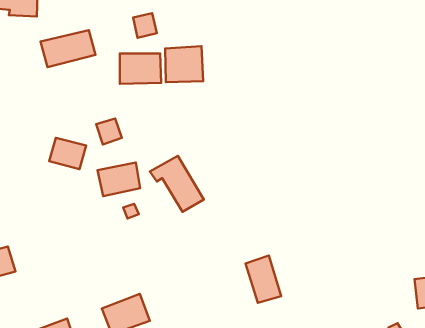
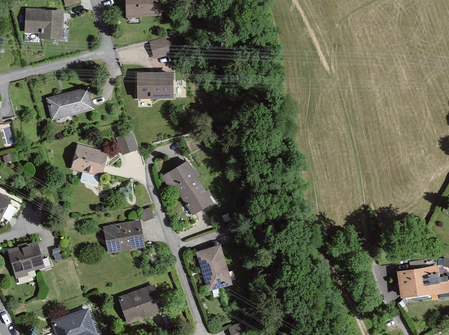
building: [41,30,96,67] -> [45,87,94,120]
building: [165,46,203,82] -> none
building: [98,162,140,196] -> [105,222,143,252]
building: [245,256,281,303] -> [197,247,229,289]

